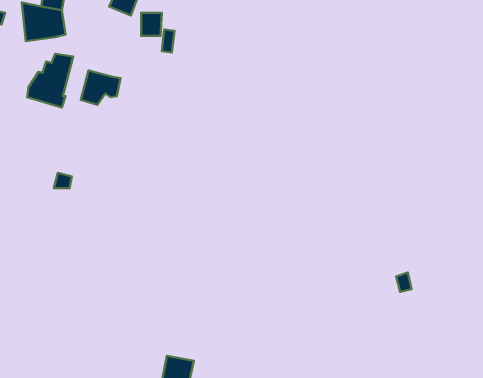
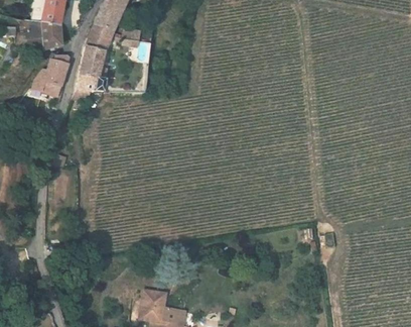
building: none -> [81,20,114,76]

